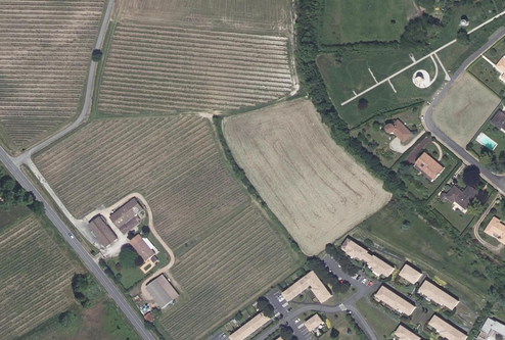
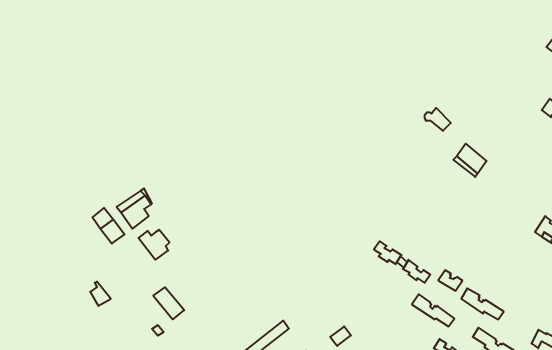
building: [440,187,476,208] -> none
building: [281,271,329,302] -> none

